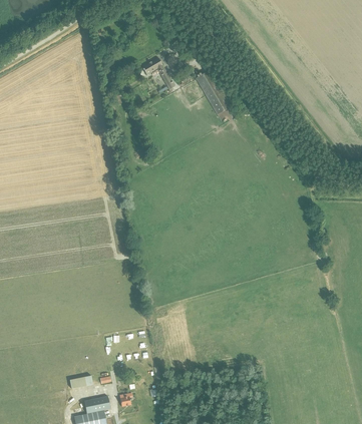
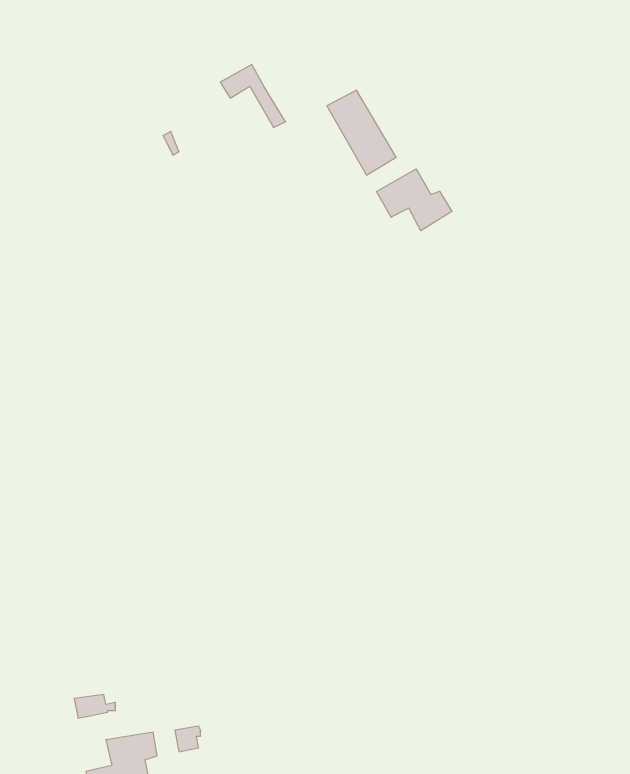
building: none -> [376,169,452,231]

